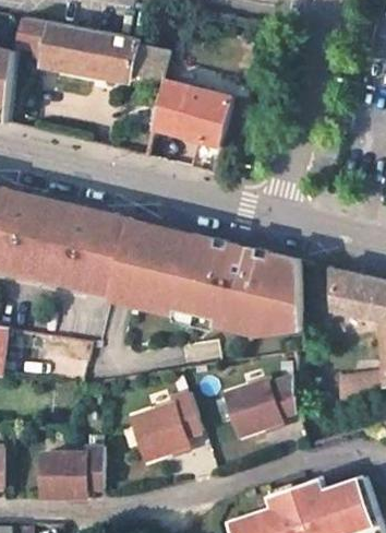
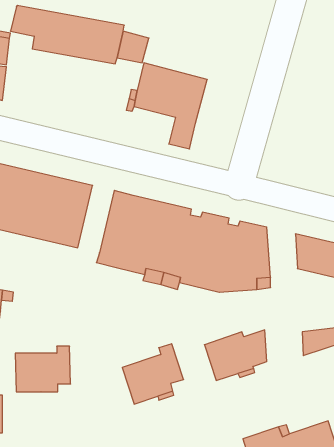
building: [87,215,128,289] -> none
building: [44,445,105,495] -> [15,346,71,392]

